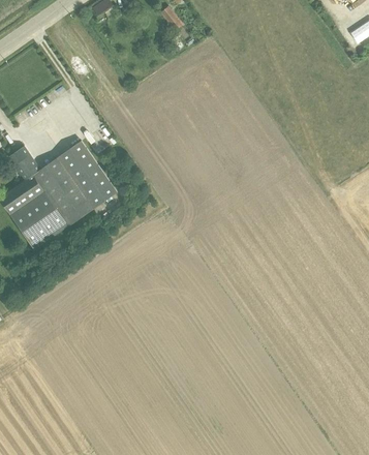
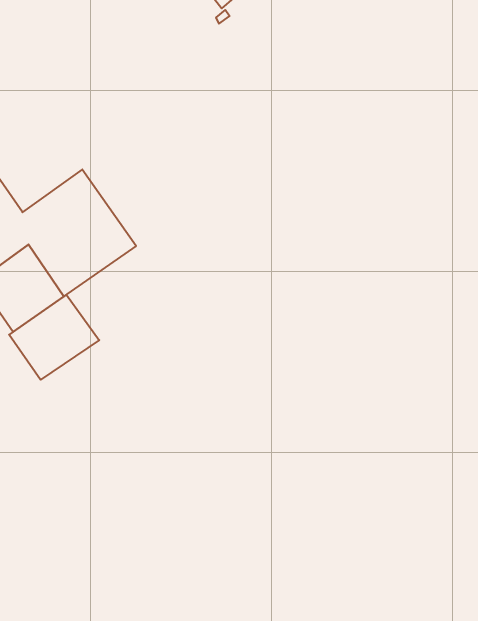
building: none -> [9,295,99,380]

